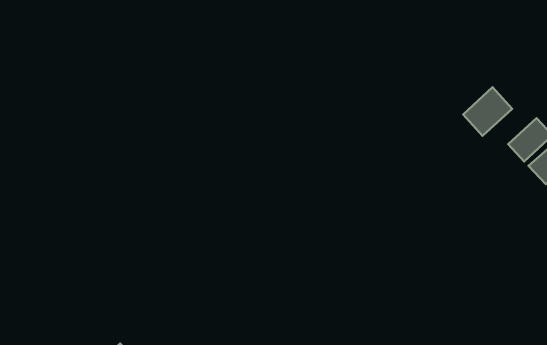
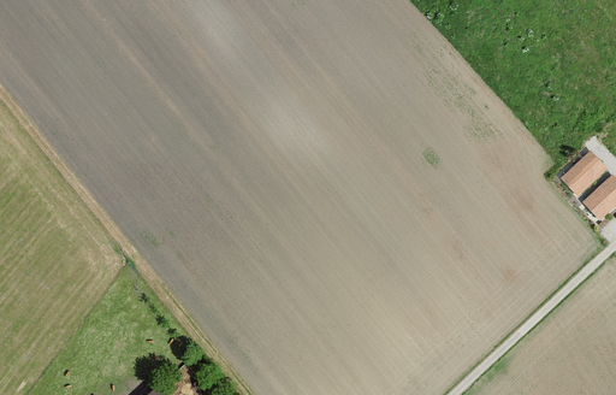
building: [463,87,512,136] -> none

